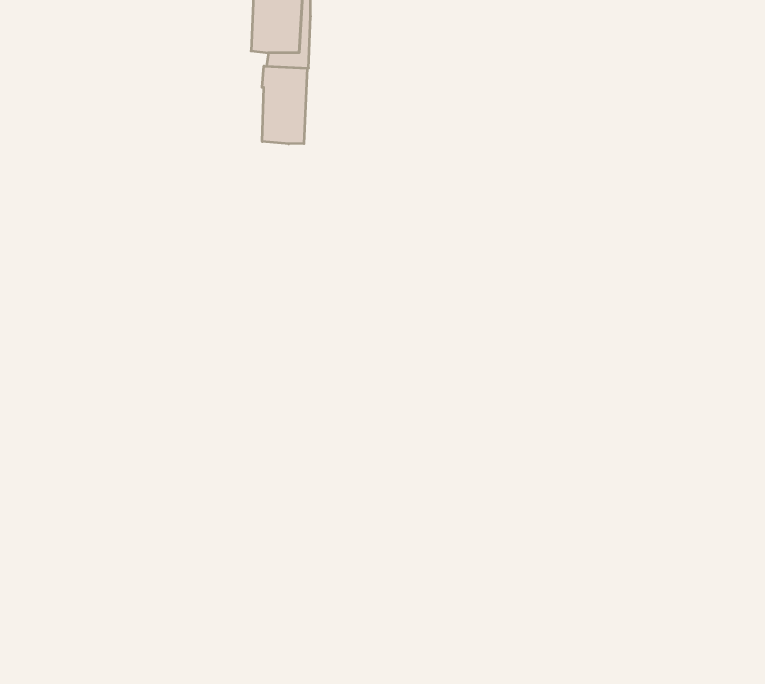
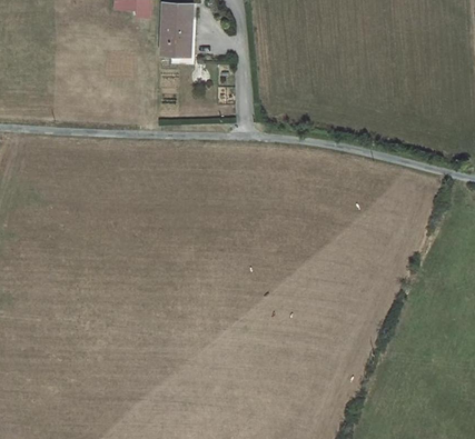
building: [262,66,307,144] -> none

